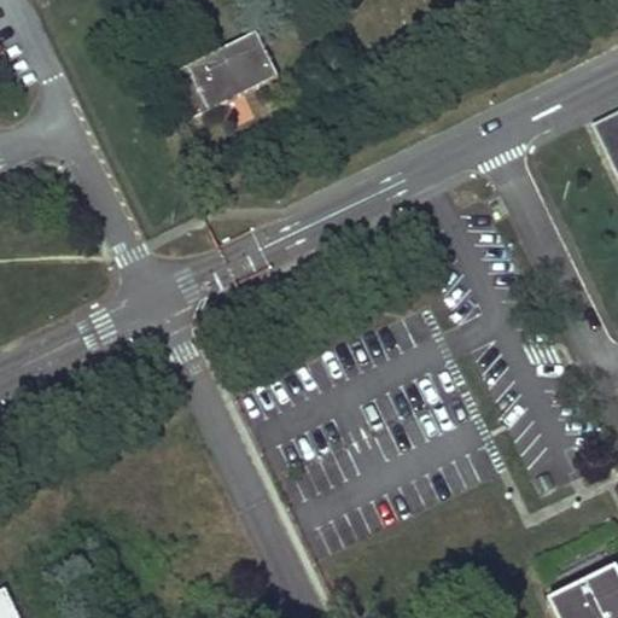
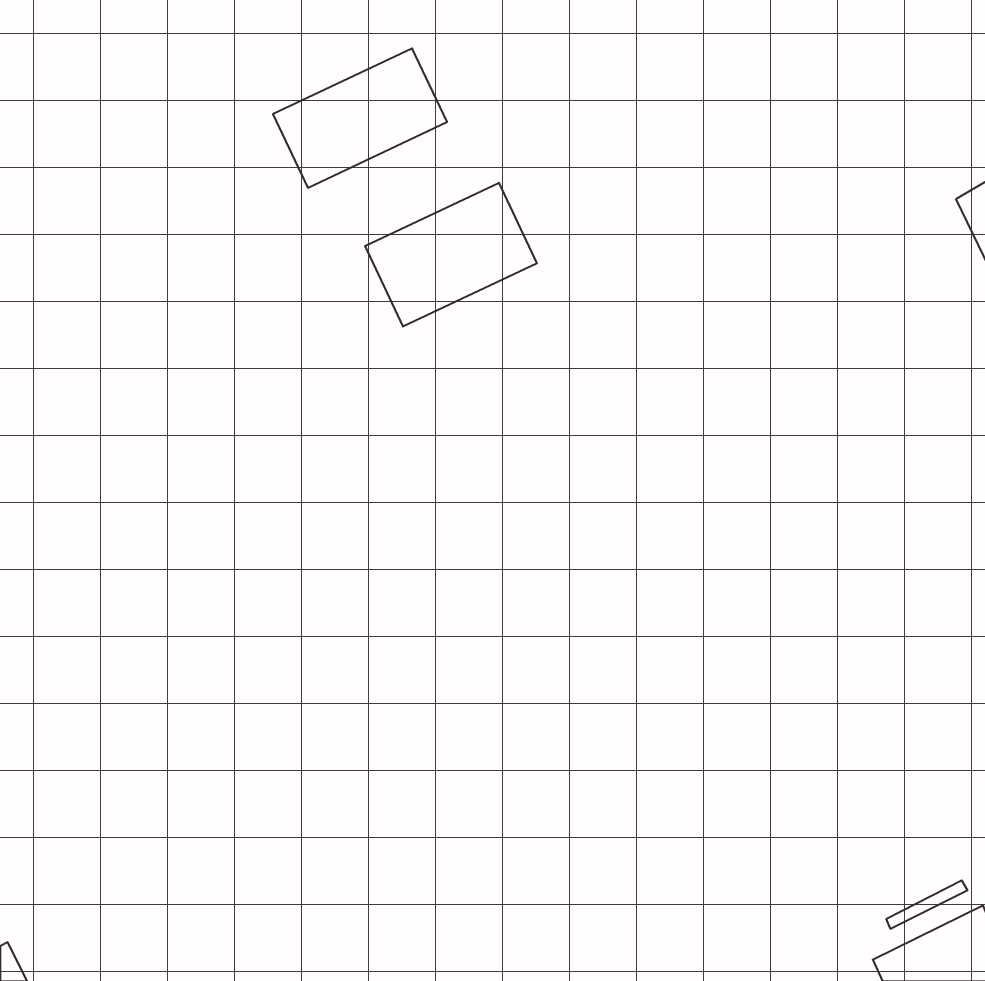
building: none -> [365,183,537,327]

